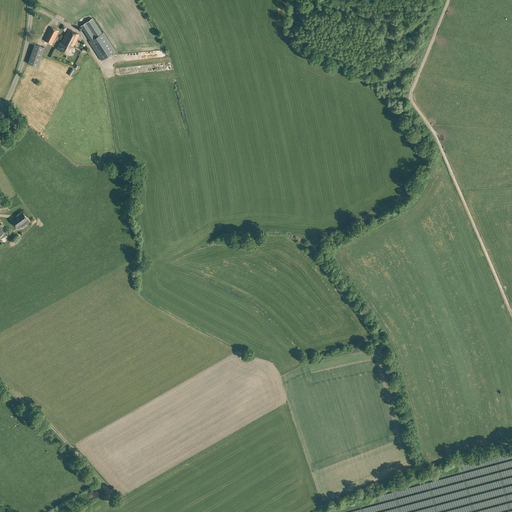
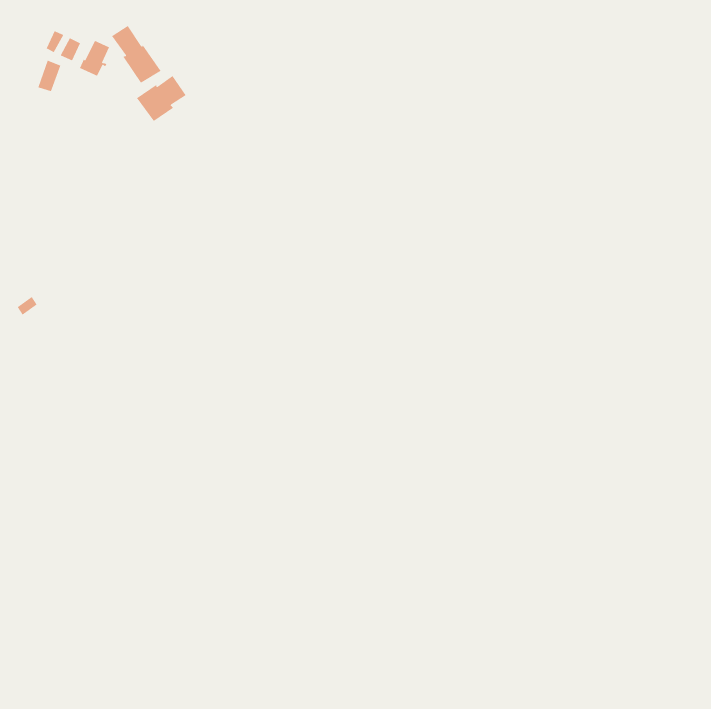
building: none -> [136,75,187,122]

